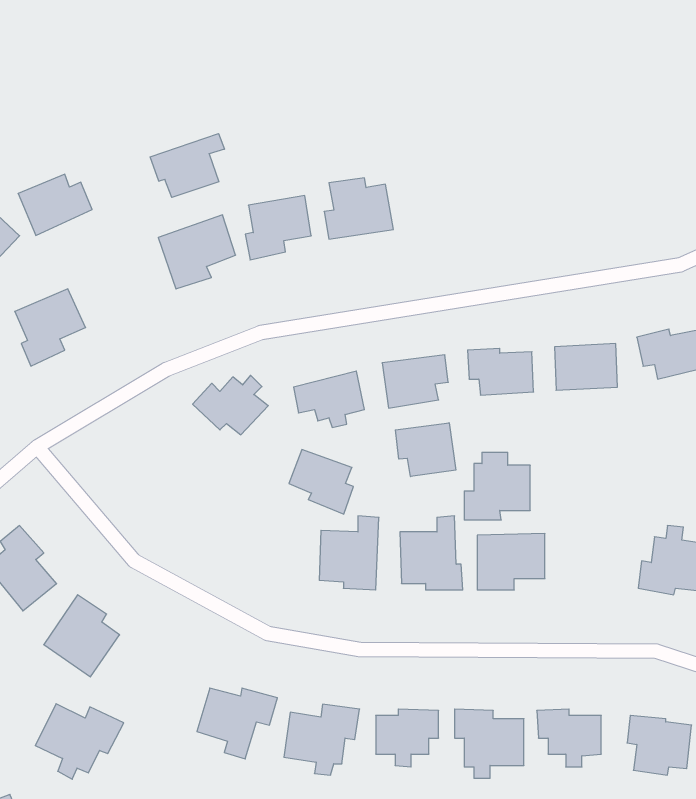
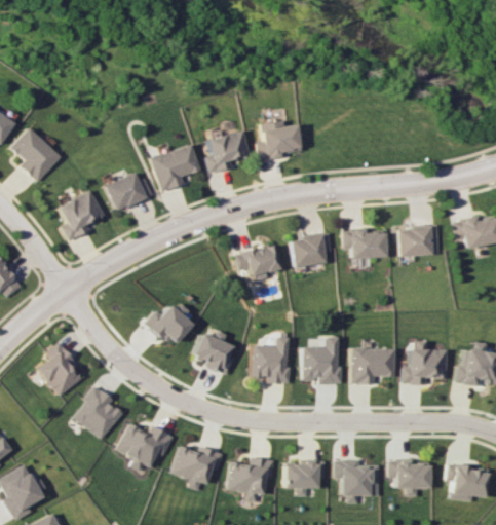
building: [150,134,224,197] -> none
building: [18,174,92,235] -> [103,173,150,212]
building: [193,375,268,435] -> [142,304,190,342]
building: [395,423,456,477] -> none
building: [289,450,353,514] -> [191,334,232,375]
building: [464,452,530,520] -> [403,341,445,384]
building: [35,704,124,779] -> [118,423,175,472]

